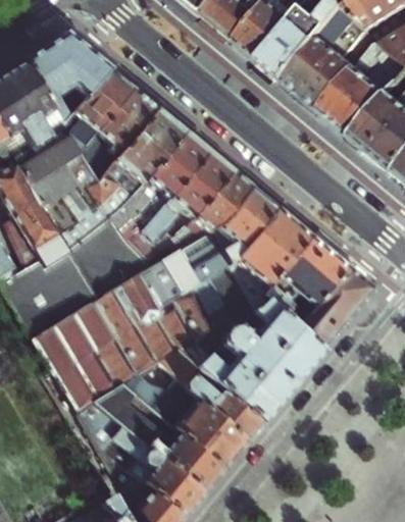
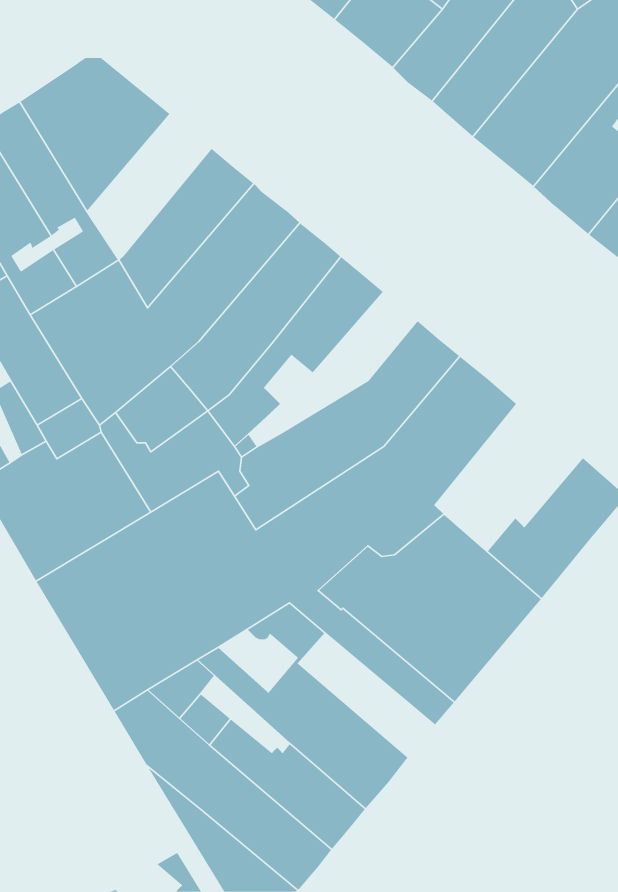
building: [63,69,135,153] -> none
building: [169,171,253,252] -> none
building: [263,236,348,320] -> none
building: [185,367,263,438] -> none

